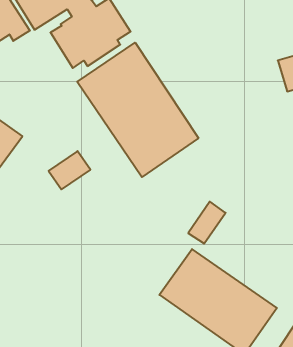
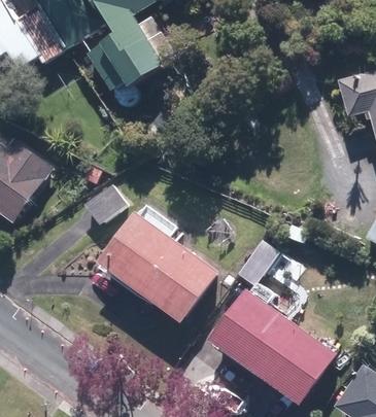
building: [77,43,198,177] -> none
building: none -> [95,210,218,324]

